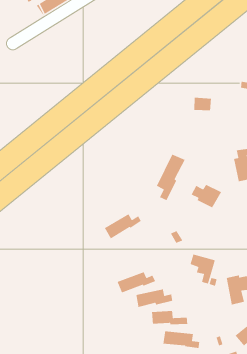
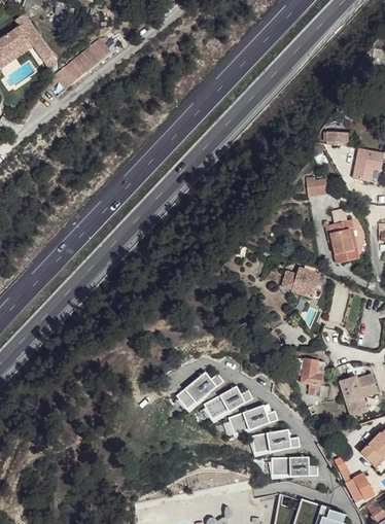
building: [194,97,212,111] -> [305,178,328,197]
building: [156,154,186,201] -> none
building: [104,213,142,239] -> [176,373,222,409]

